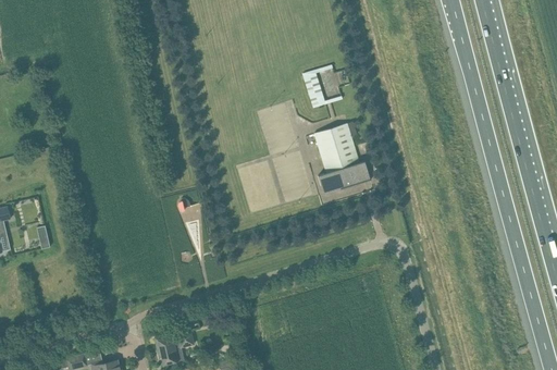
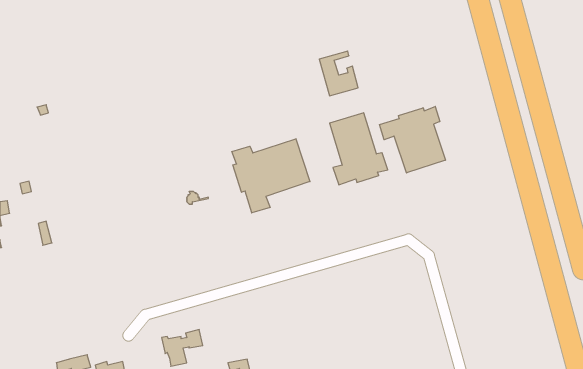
building: none -> [380,106,445,173]
building: none -> [232,139,310,213]

